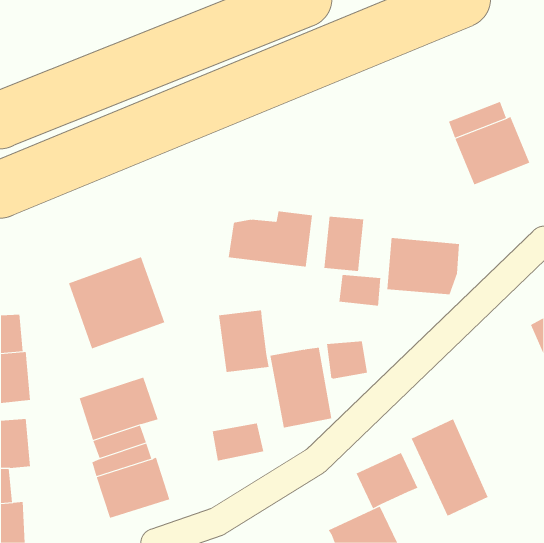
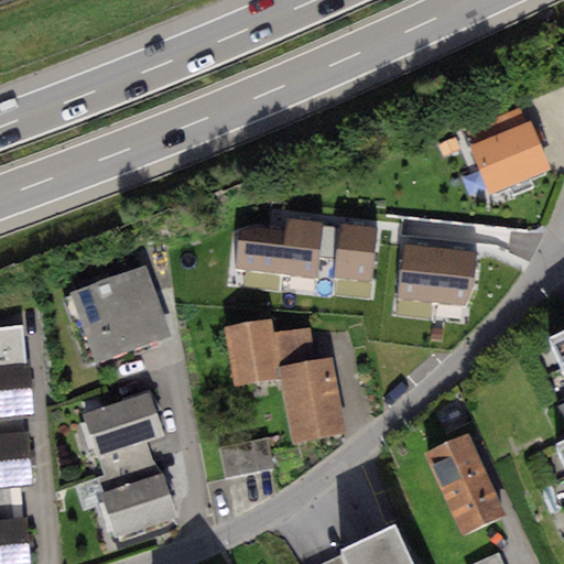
building: [339,274,381,306] -> none
building: [326,341,368,379] -> [272,328,315,368]
building: [356,452,418,509] -> none

